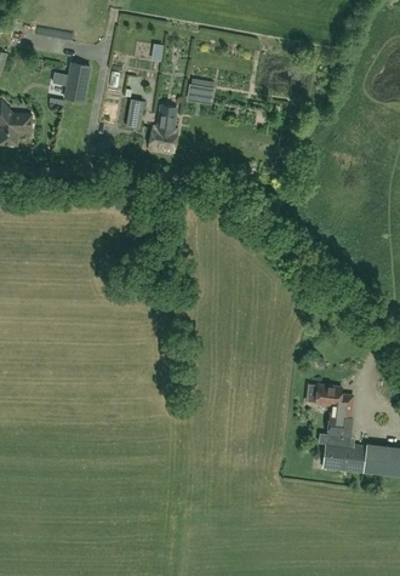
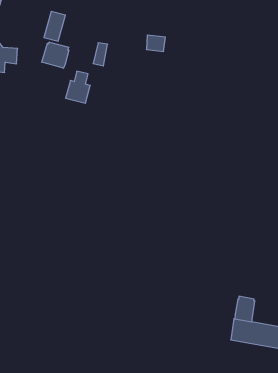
building: none -> [42,42,69,68]
building: [147,113,177,153] -> [66,71,90,103]
building: [314,384,352,414] -> none

